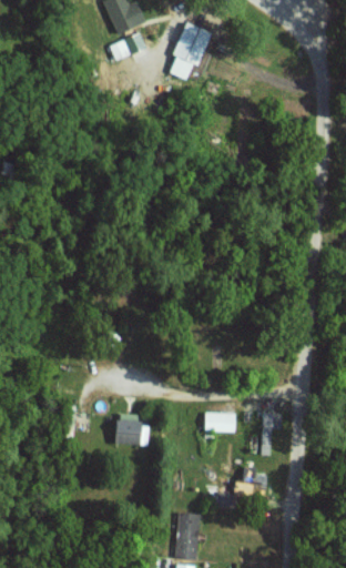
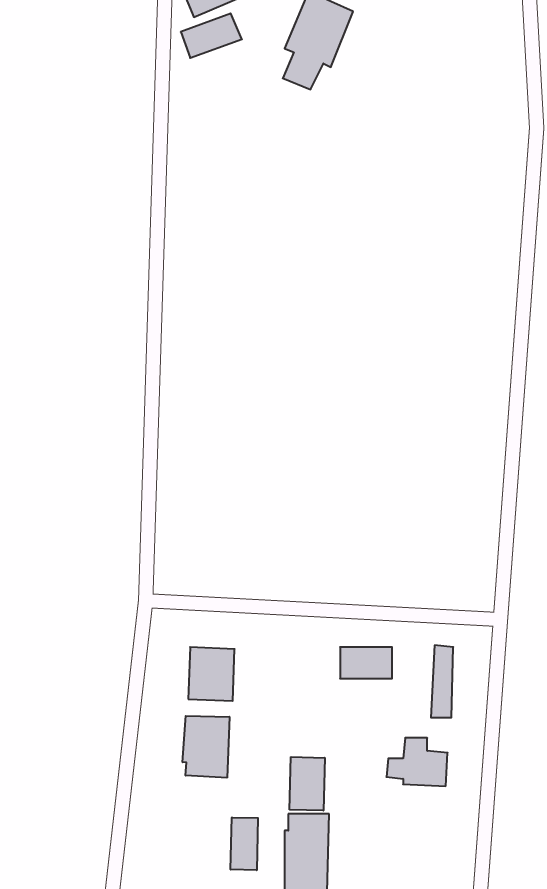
building: none -> [183,716,229,778]
building: none -> [290,757,325,811]
building: none -> [231,817,258,870]

